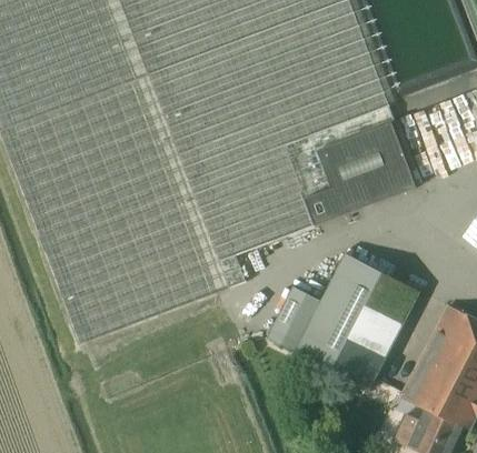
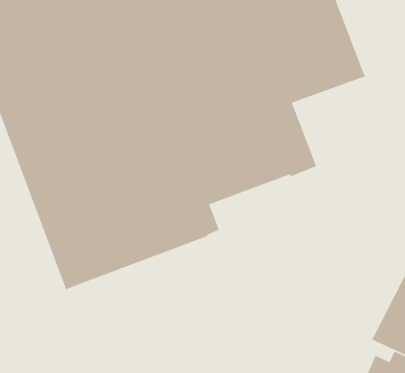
building: [317,119,416,213] -> none
building: [266,251,420,389] -> none

